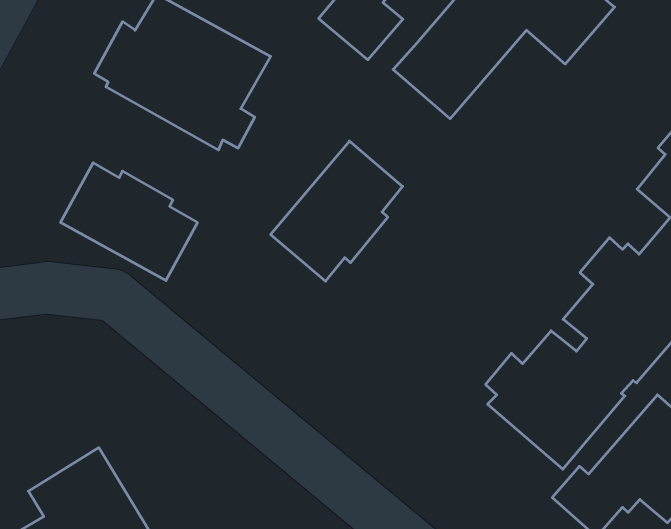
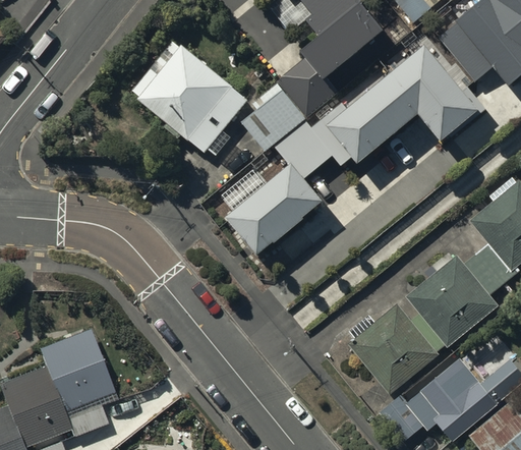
building: none -> [242,80,303,145]
building: none -> [276,100,353,178]
building: [61,163,197,281] -> none

